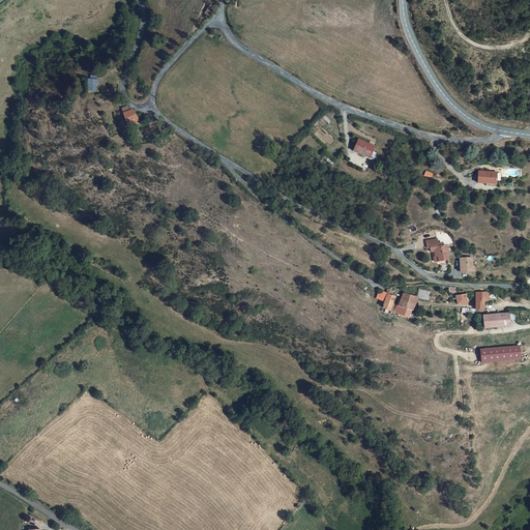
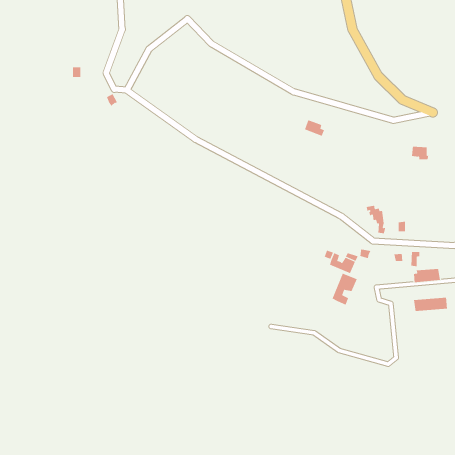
building: none -> [332,273,357,306]

